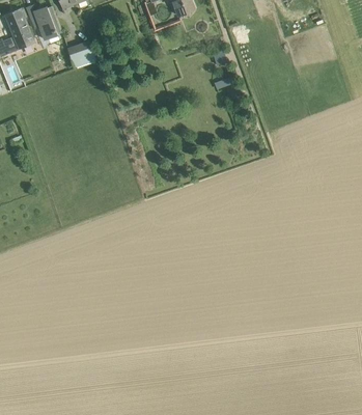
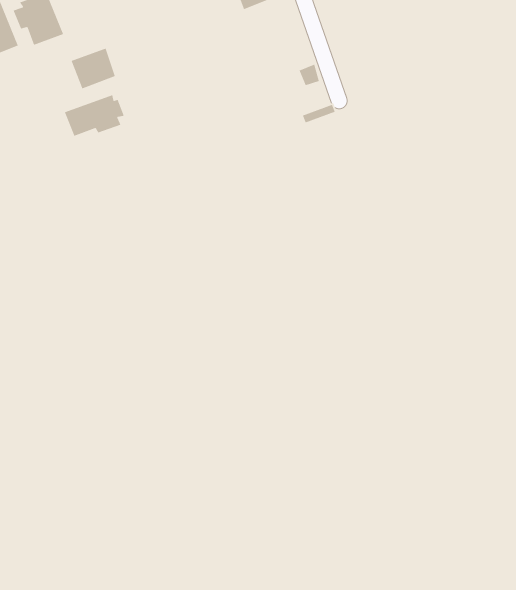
building: none -> [64,94,125,137]

